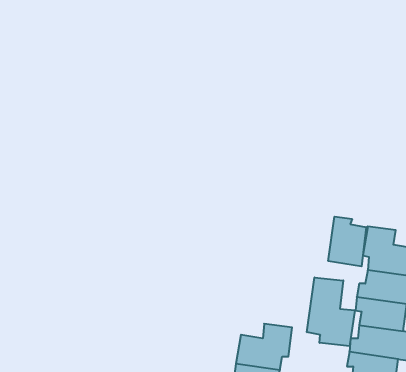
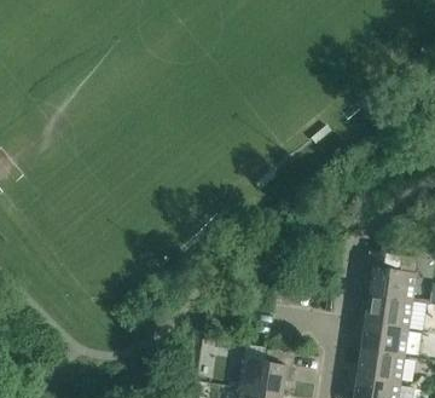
building: [328,217,366,266] -> none
building: [307,277,355,346] -> none

